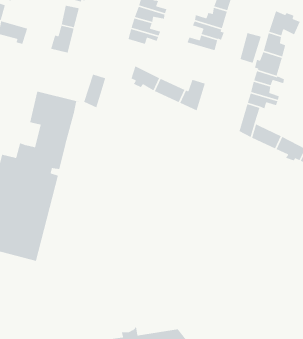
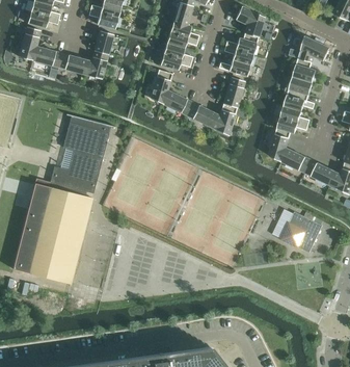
building: none -> [58,53,88,74]
building: [240,32,262,64] -> [223,76,245,107]
building: [83,73,106,108] -> [150,69,172,103]
building: none -> [280,211,323,253]

